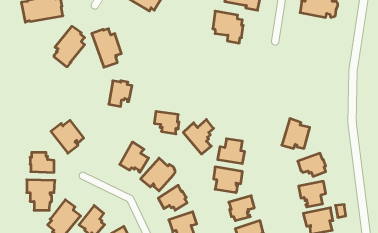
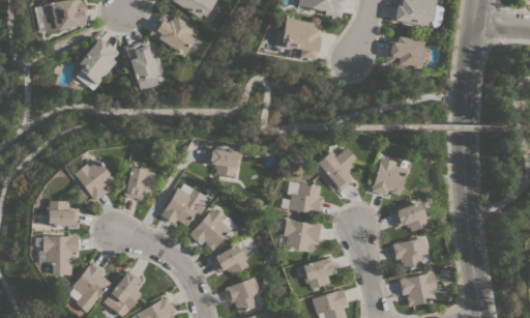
building: none -> [149,13,199,55]
building: none -> [385,35,430,68]
building: [109,81,132,106] -> [124,166,154,199]
building: [183,119,214,154] -> [317,146,356,191]

